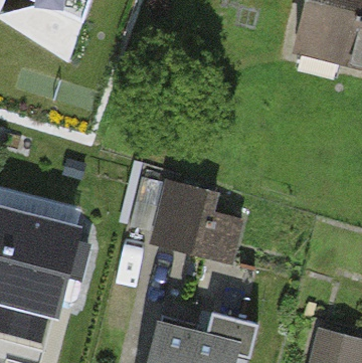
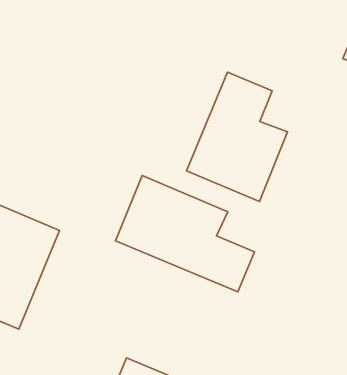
building: none -> [186,72,288,201]

